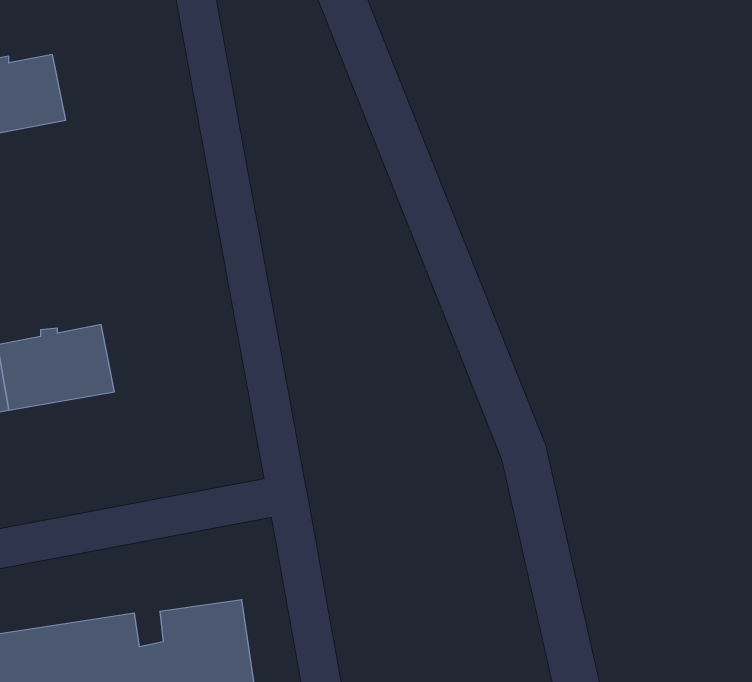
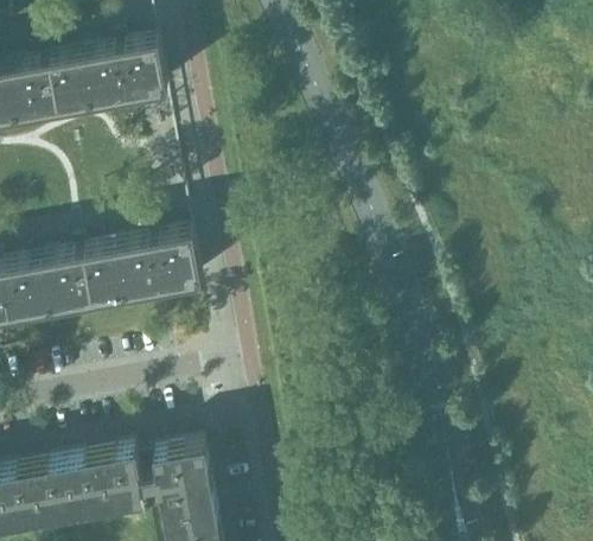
building: none -> [74,43,158,104]
building: none -> [108,234,193,297]

